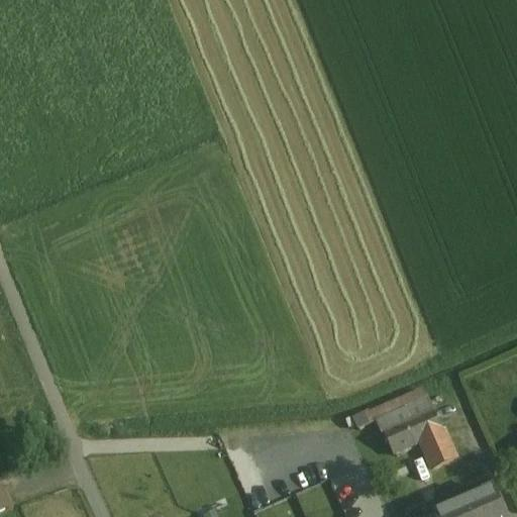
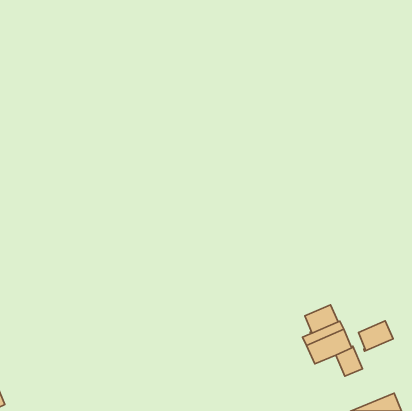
building: none -> [305,305,338,334]
building: none -> [359,321,393,351]

